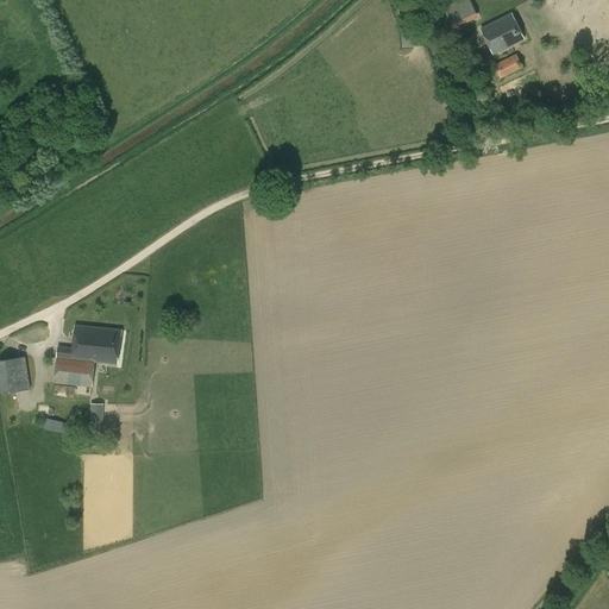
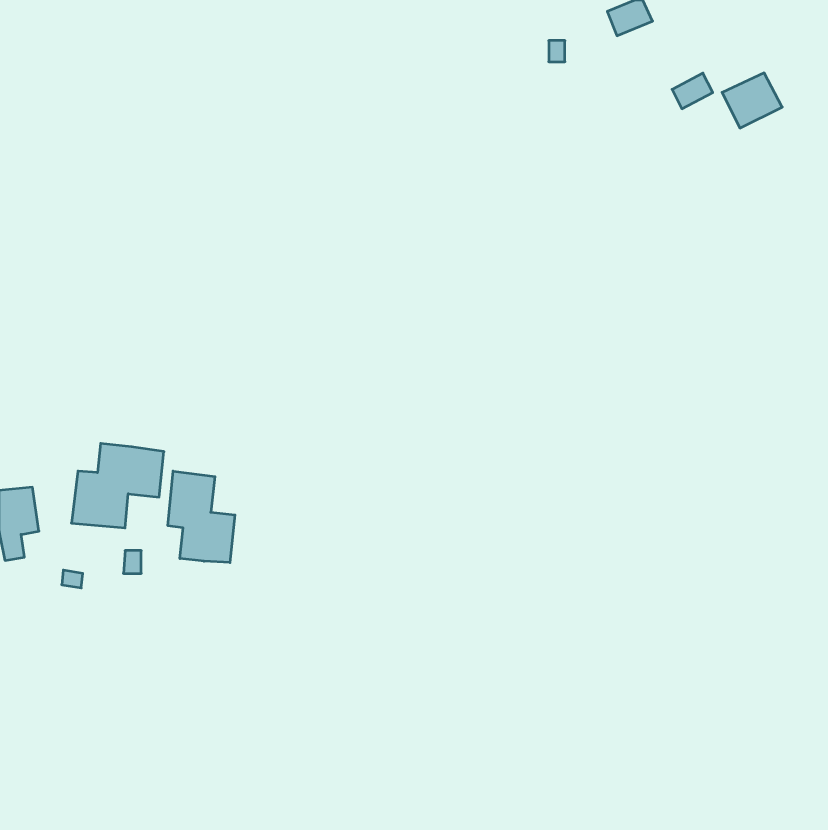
building: [479,14,523,55] -> [722,73,782,128]
building: none -> [168,471,235,563]

